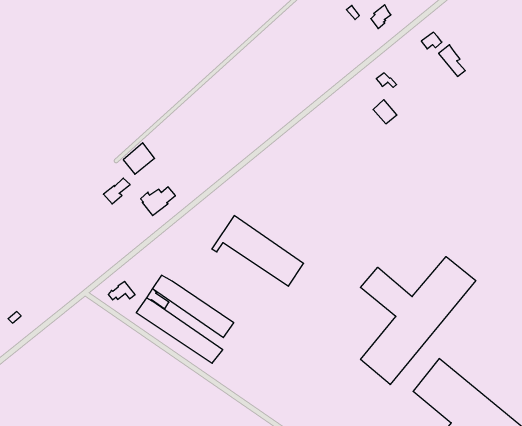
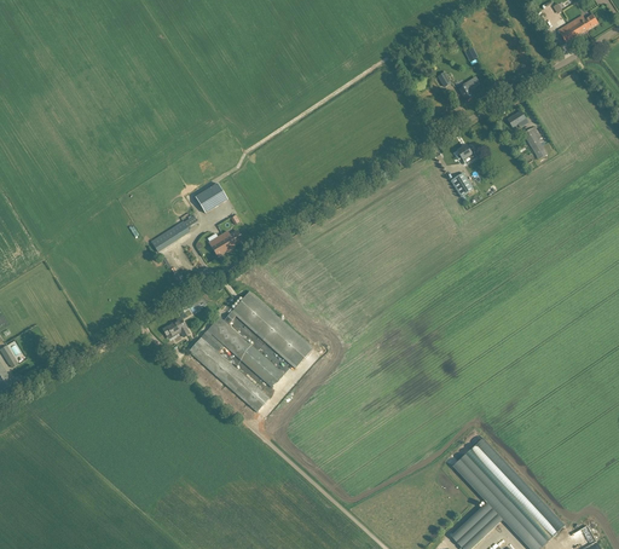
building: [212,216,304,286] -> [222,290,312,368]
building: [360,257,476,385] -> none

